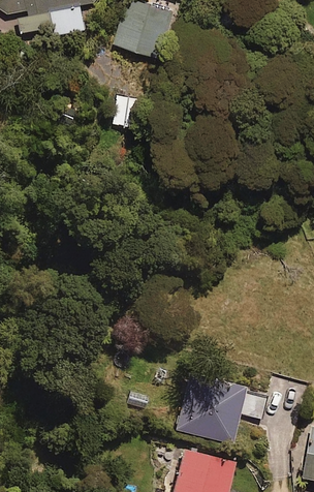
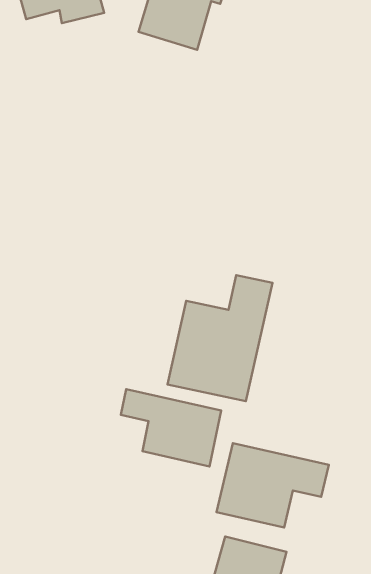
building: none -> [167,275,273,401]
building: none -> [121,389,221,467]

